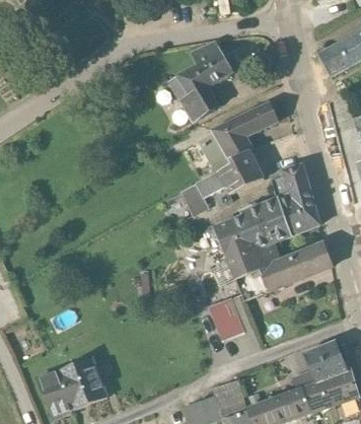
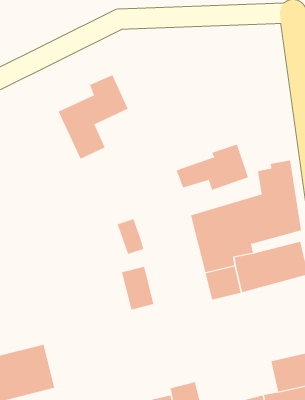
building: [167,41,233,124] -> [58,75,128,160]
building: [210,100,277,161] -> none
building: [179,182,208,216] -> [117,219,144,255]
building: [208,297,242,340] -> [121,266,154,310]

